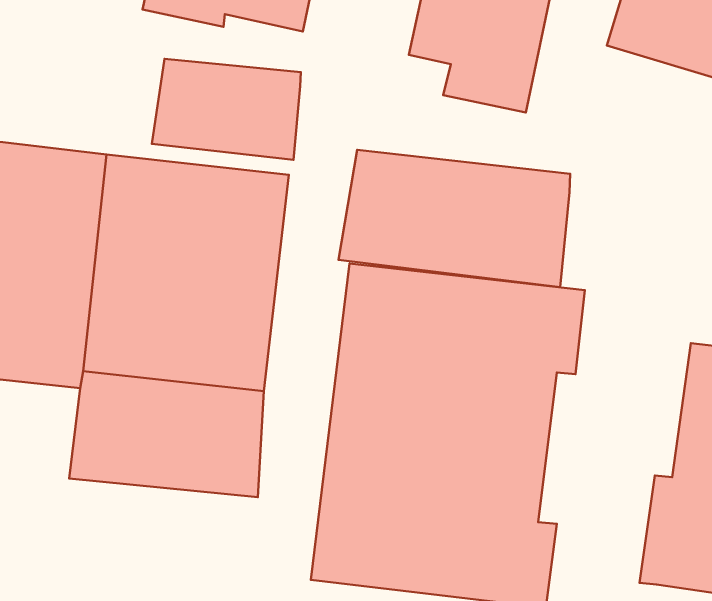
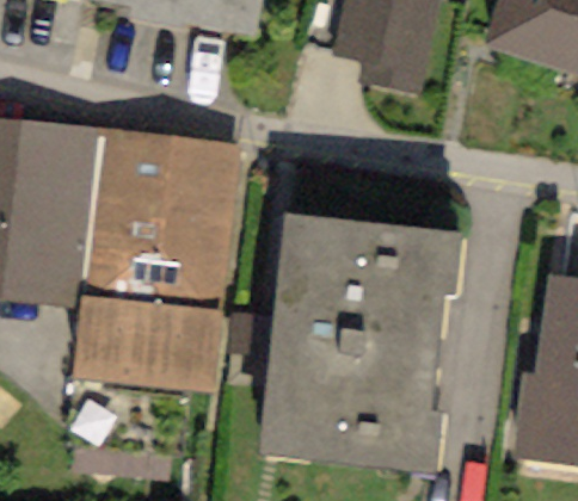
building: [152,59,301,160] -> none
building: [338,150,570,287] -> none

